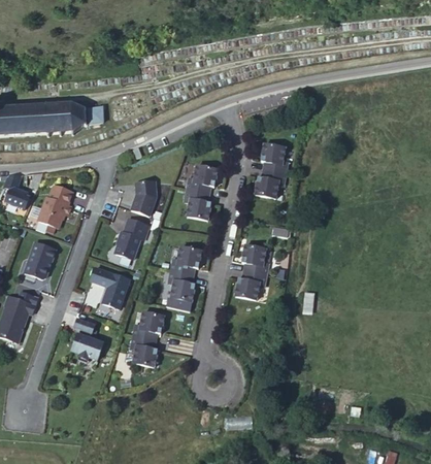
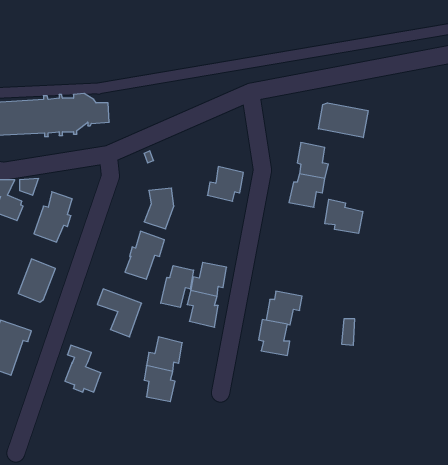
building: none -> [318,103,368,138]
building: [183,188,209,219] -> none
building: none -> [325,199,363,233]
building: [242,243,269,274] -> [259,320,290,355]
building: none -> [161,266,194,307]

